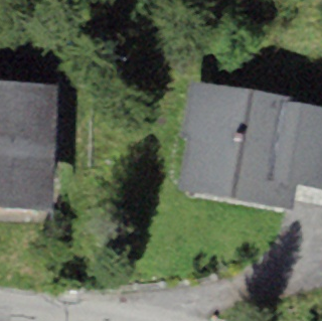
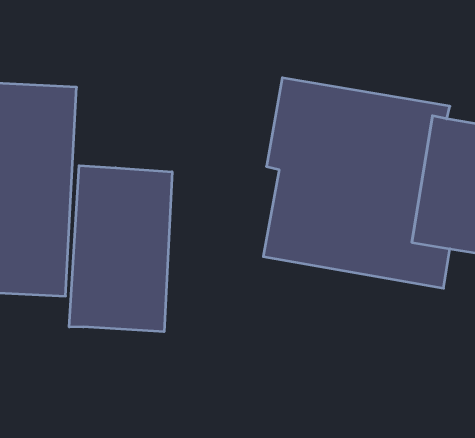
building: none -> [69,166,172,332]

